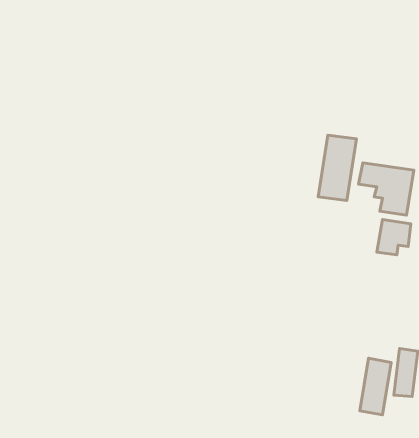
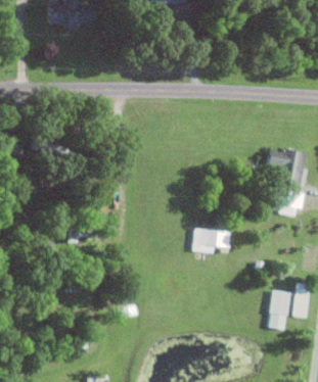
building: [318,135,356,200] -> none
building: none -> [191,228,229,253]

